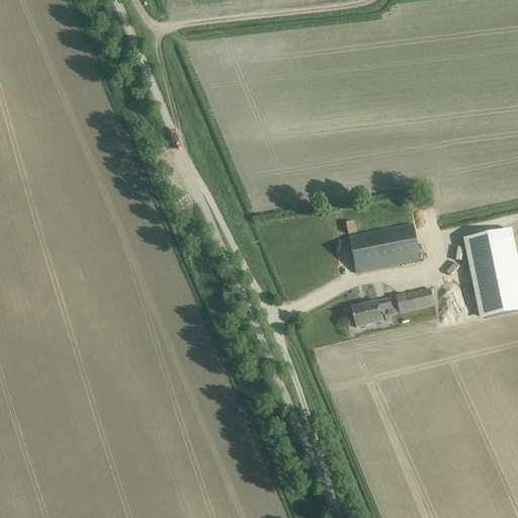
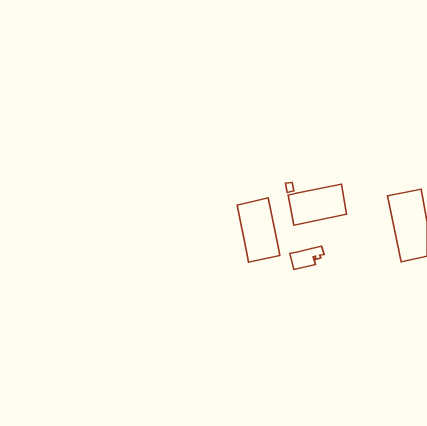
building: none -> [237,198,280,262]
building: [395,288,433,313] -> none

